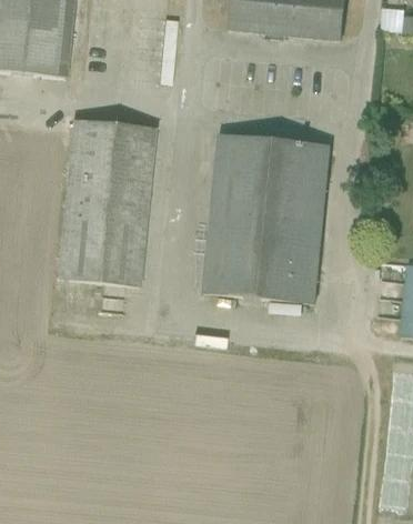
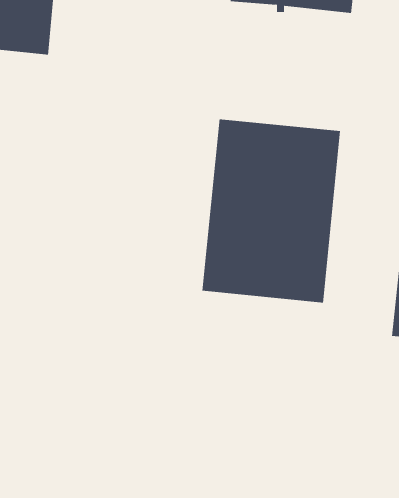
building: [57,120,154,284] -> none

